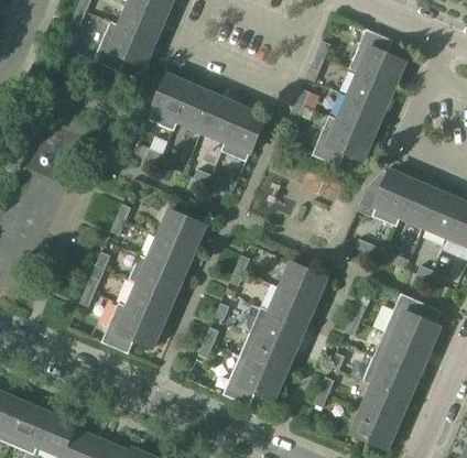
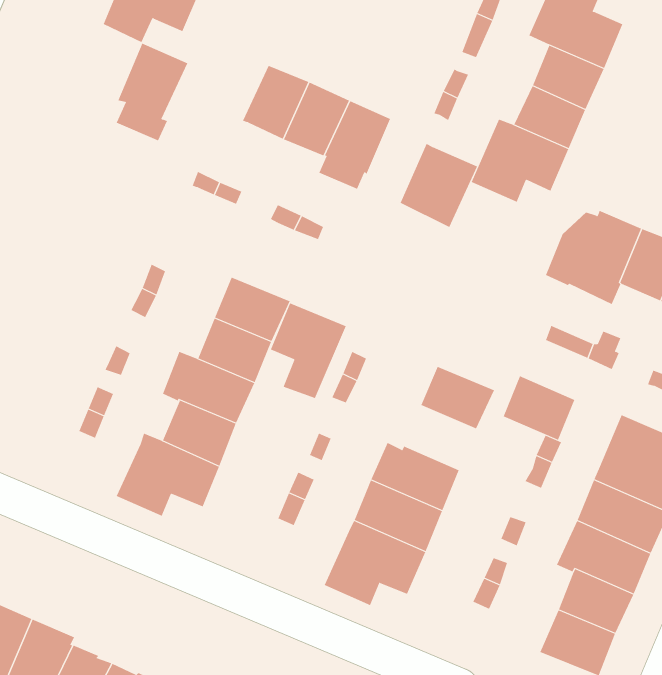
building: [149,74,192,132] -> [116,43,188,141]
building: none -> [400,143,478,228]
building: none -> [270,302,347,399]
building: [272,287,315,326] -> [503,376,575,441]

